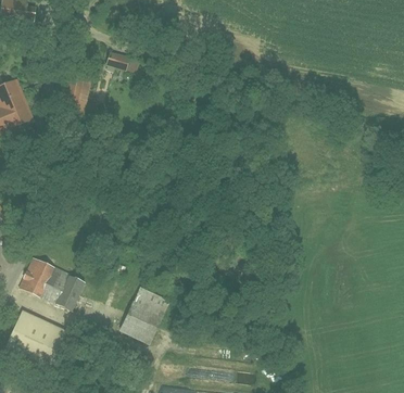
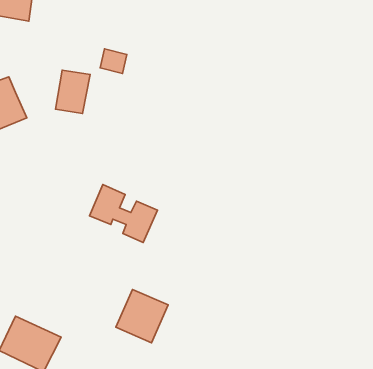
building: [20,257,86,314] -> [90,185,157,242]

